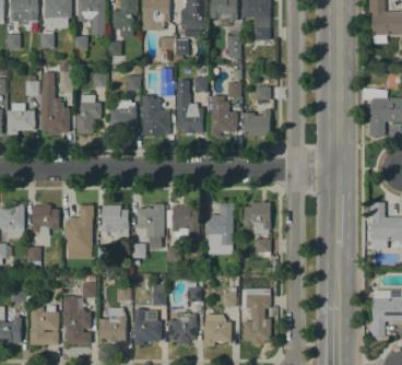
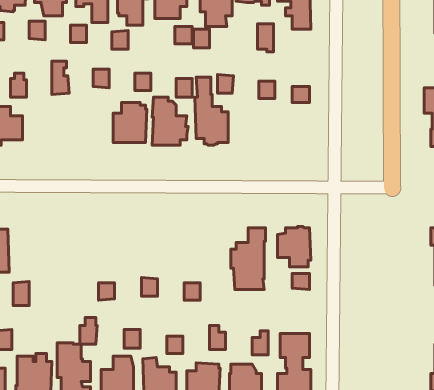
building: [42,71,69,134] -> none
building: [76,94,102,133] -> none
building: [210,95,237,137] -> none
building: [244,109,271,136] -> none
building: [137,203,164,248] -> none
building: [32,204,59,236] -> none
building: [102,204,129,239] -> none
building: [172,204,199,252] -> none
building: [64,205,93,258] -> none

